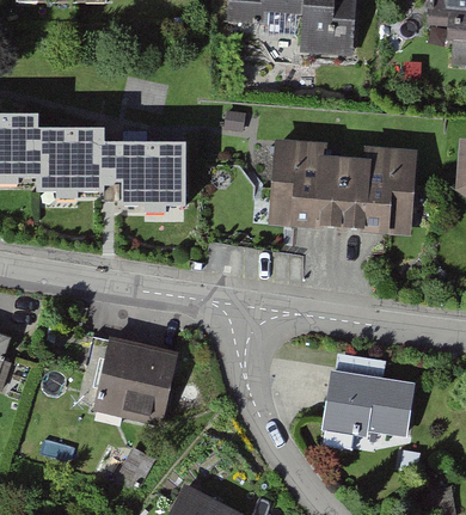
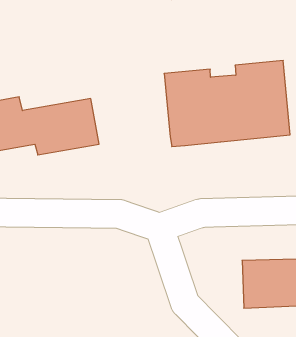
building: [92,333,179,423] -> none

